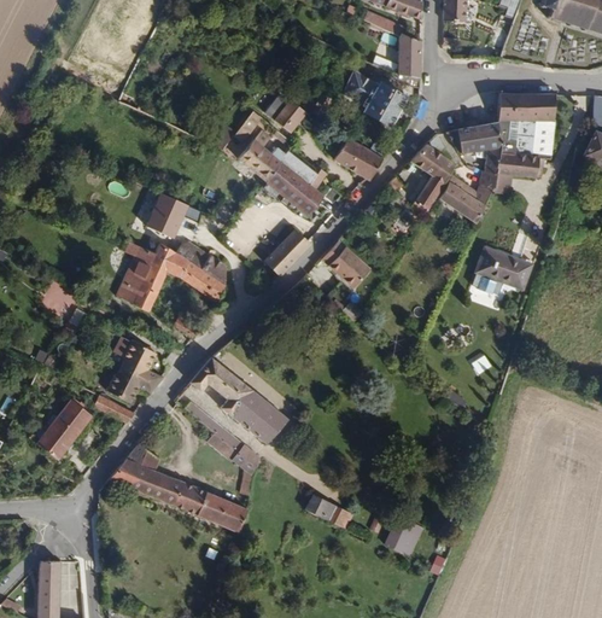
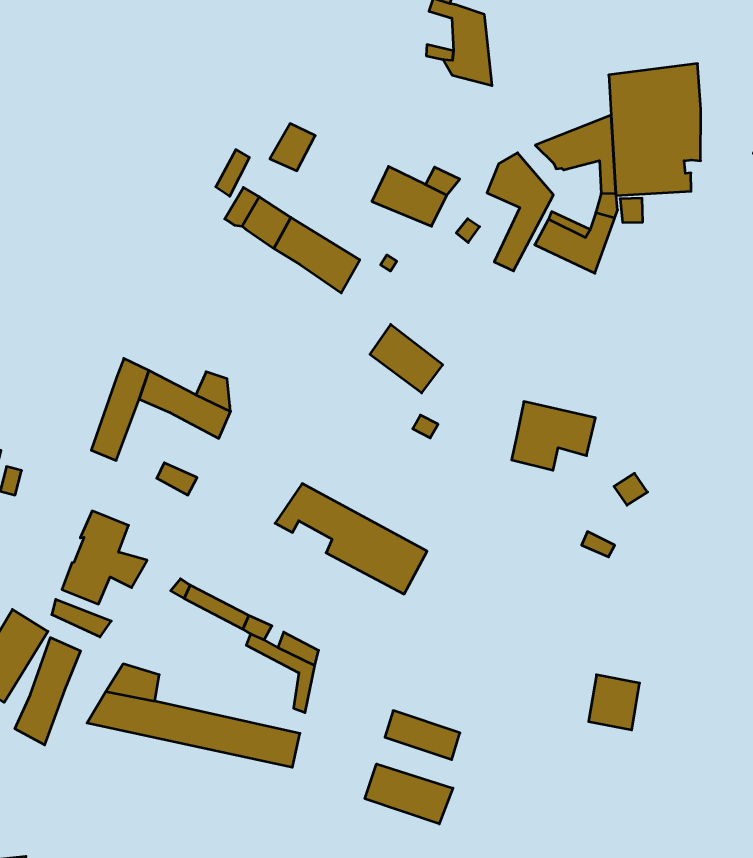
building: [341,74,404,126] -> none
building: [279,153,328,197] -> none
building: [147,194,189,239] -> none
building: [264,229,310,276] -> none
building: [474,247,532,295] -> [512,402,595,470]
building: [116,250,153,303] -> none
building: [191,357,288,437] -> [275,484,427,594]
building: none -> [15,638,81,745]
building: [386,519,422,558] -> [589,675,640,730]
building: none -> [365,764,453,824]

